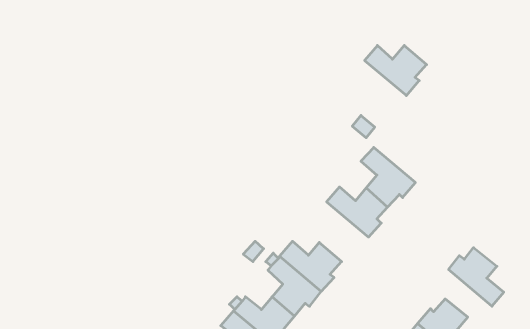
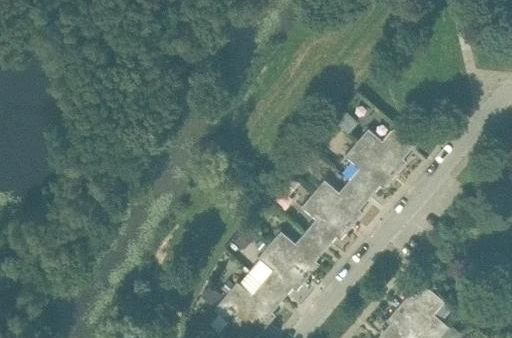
building: [365,45,427,96] -> [356,128,414,175]
building: none -> [300,193,351,249]
building: [449,248,504,306] -> none

